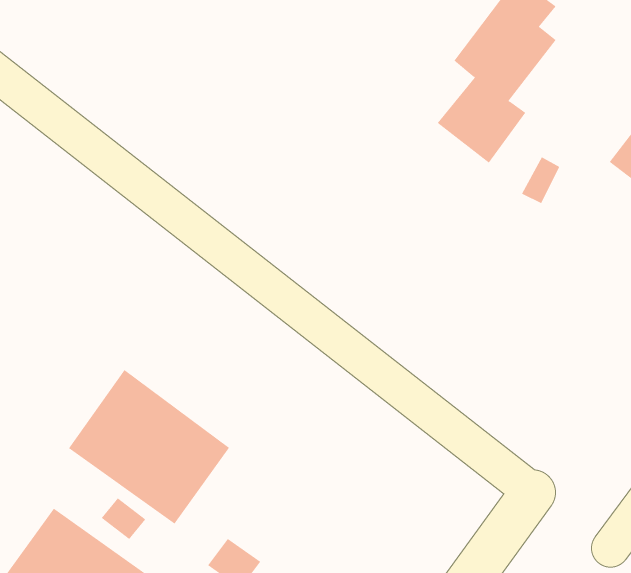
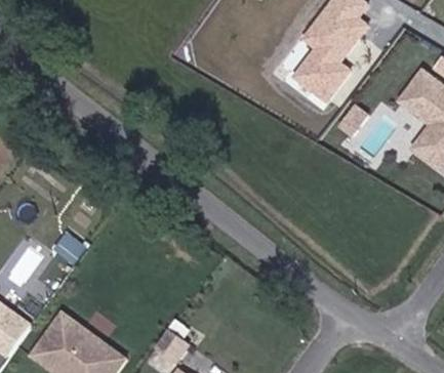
building: [68,369,230,525] -> none

